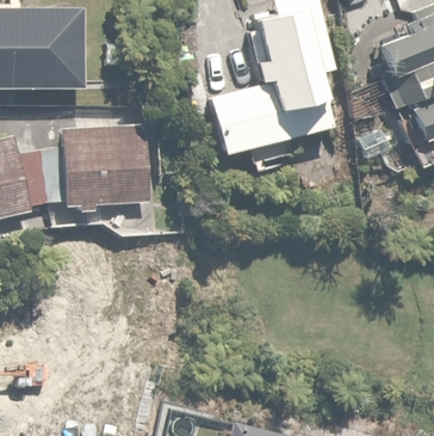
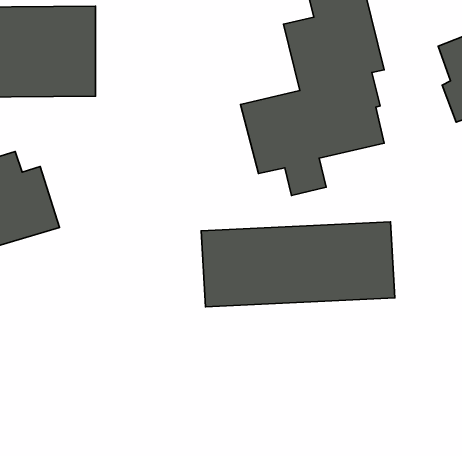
building: [63,125,168,207] -> none
building: none -> [201,222,395,307]

